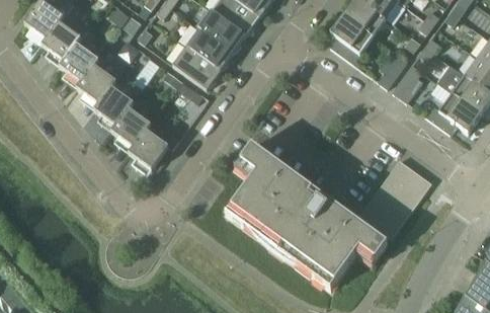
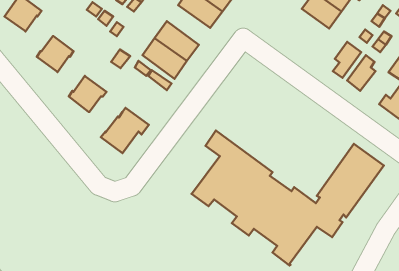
building: [199,9,246,52] -> none
building: [331,13,374,62] -> none
building: [43,20,82,59] -> none
building: [77,64,117,102] -> none
building: [111,107,152,146] -> none

